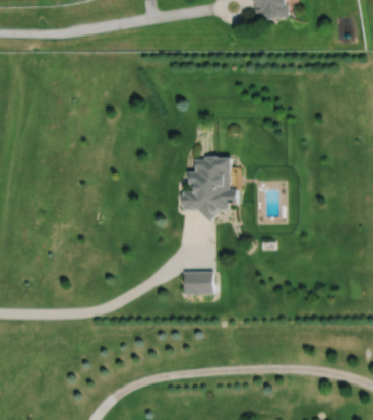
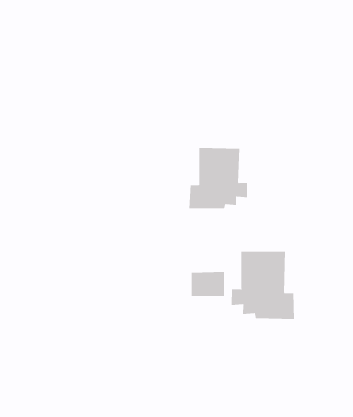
building: none -> [231,251,294,320]

